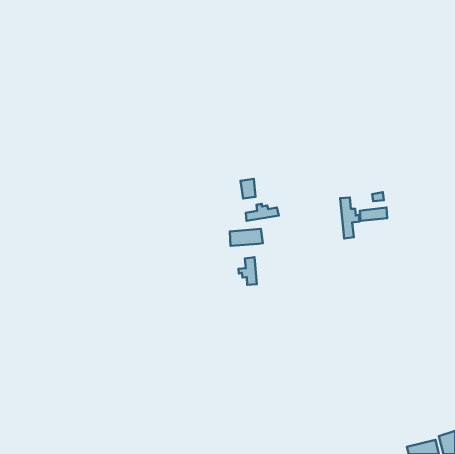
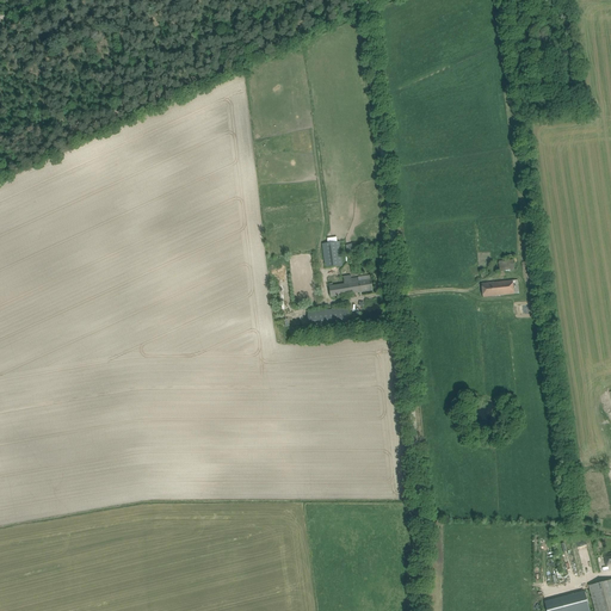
building: [340,198,360,239] -> none
building: [239,257,257,285] -> none

